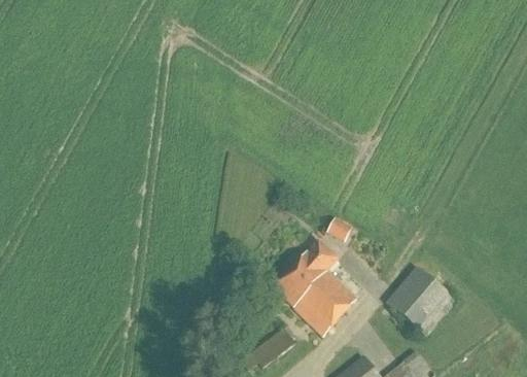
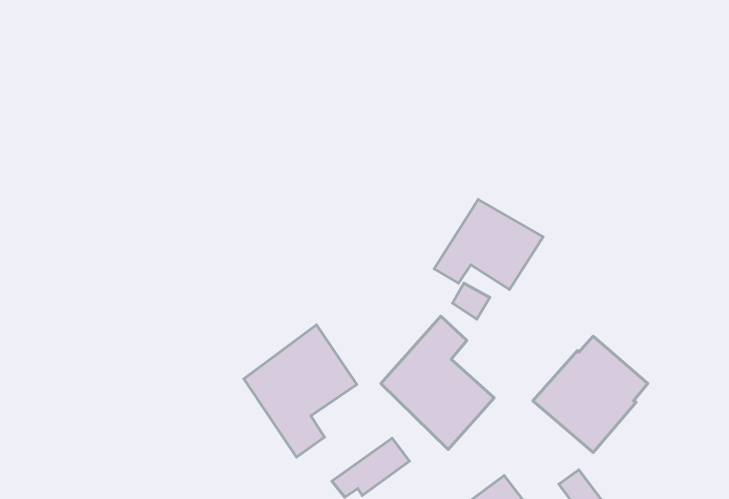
building: none -> [434,199,543,290]
building: none -> [244,325,357,457]

